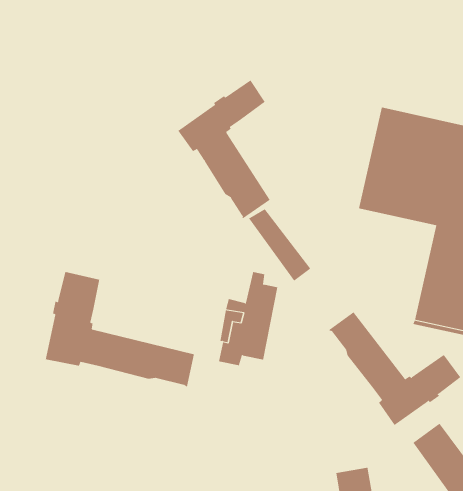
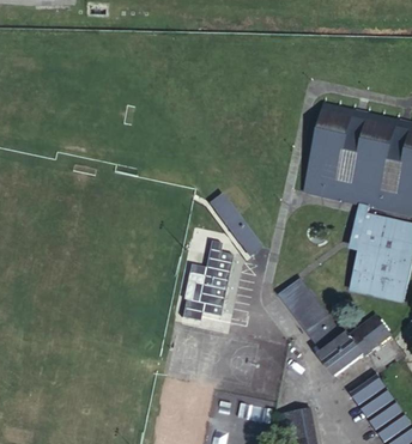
building: [177,80,270,220] -> none
building: [45,271,195,388] -> none

